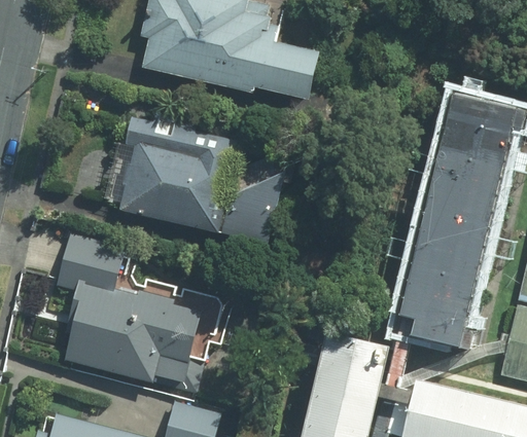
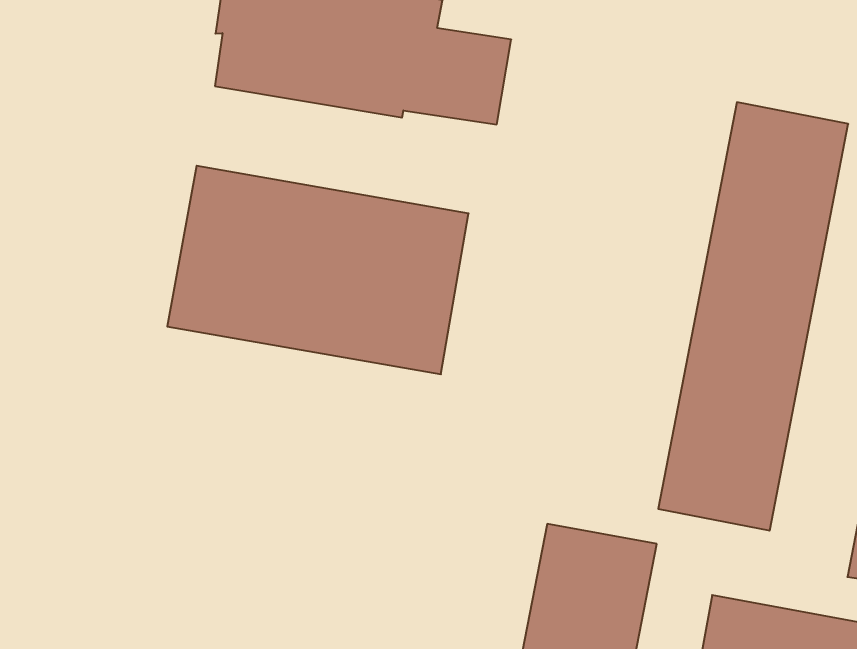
building: [66,233,217,392] -> none

